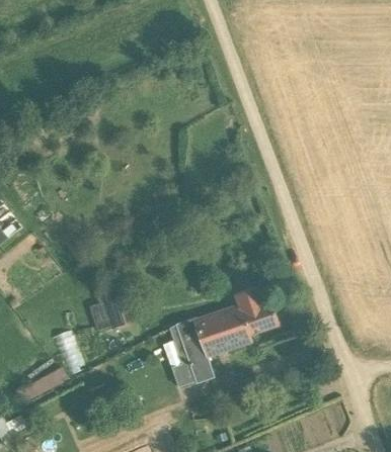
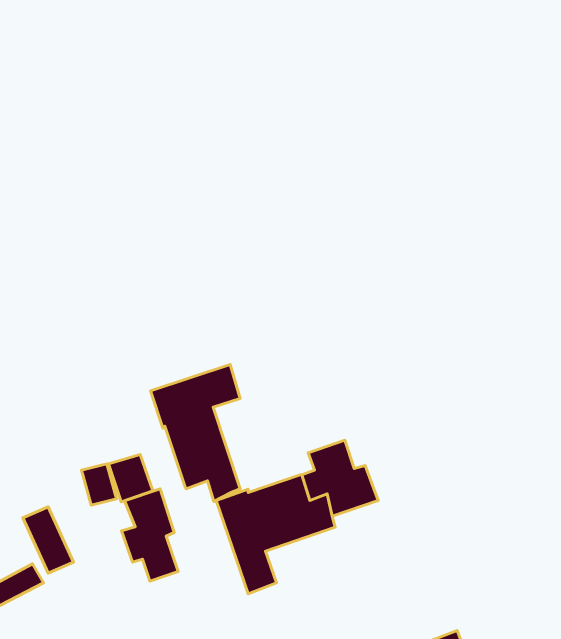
building: none -> [151,364,240,502]
building: none -> [122,489,178,581]

